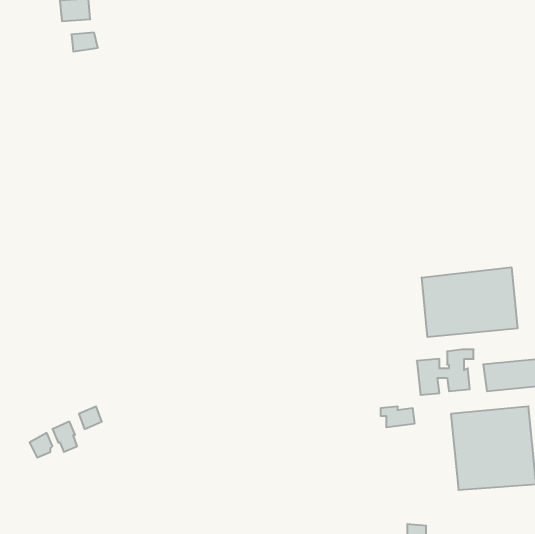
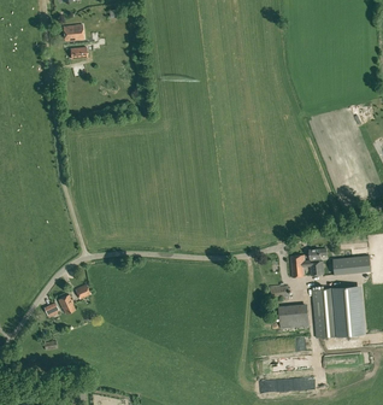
building: [422,267,517,337] -> none
building: none -> [278,304,310,328]

